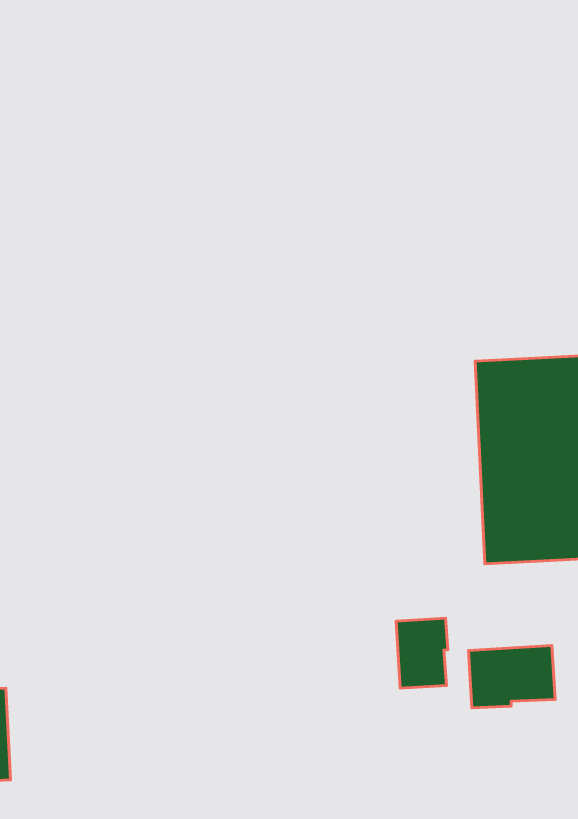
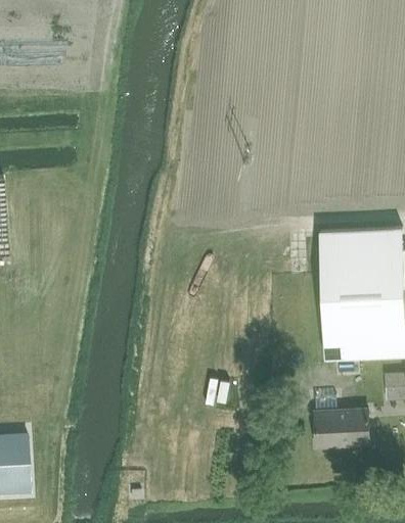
building: [396,618,448,688] -> none

